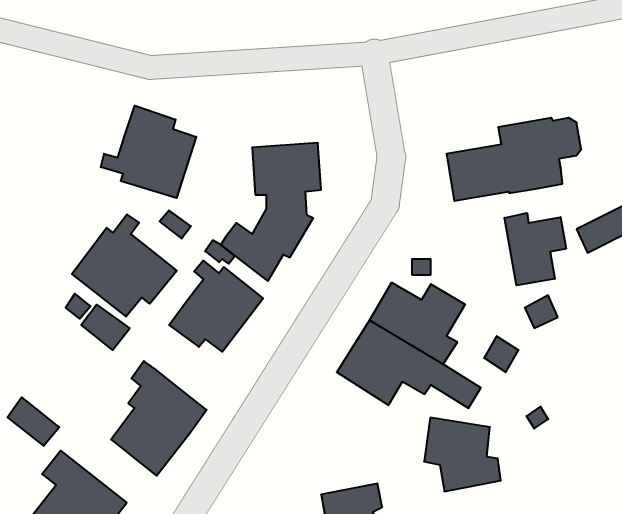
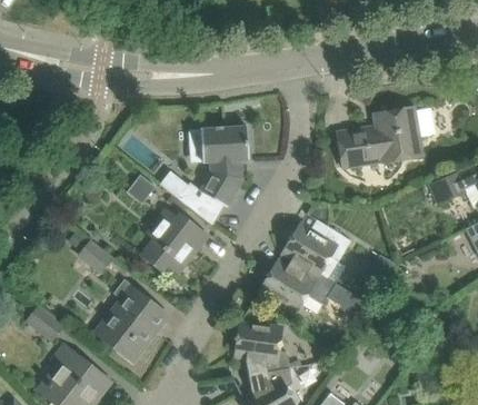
building: [101,106,196,198] -> none
building: [504,213,566,285] -> none
building: [72,214,177,317] -> none
building: [424,418,501,491] -> [233,323,288,375]

